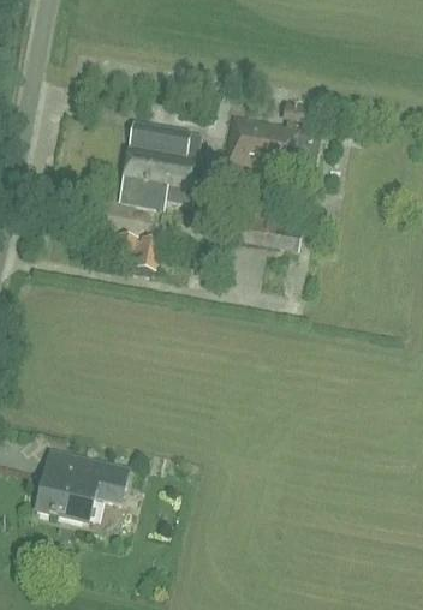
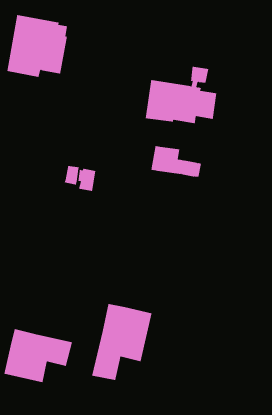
building: [120,121,202,205] -> [7,14,68,78]
building: none -> [91,303,152,381]

